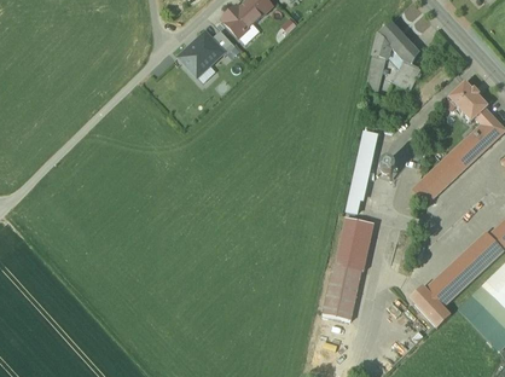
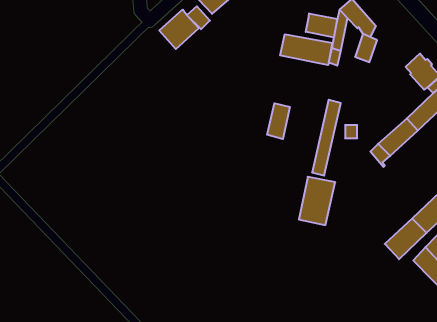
building: none -> [306,13,337,37]
building: none -> [280,34,332,65]
building: none -> [267,103,290,139]
building: [321,262,361,319] -> none
building: [411,286,449,326] -> none

